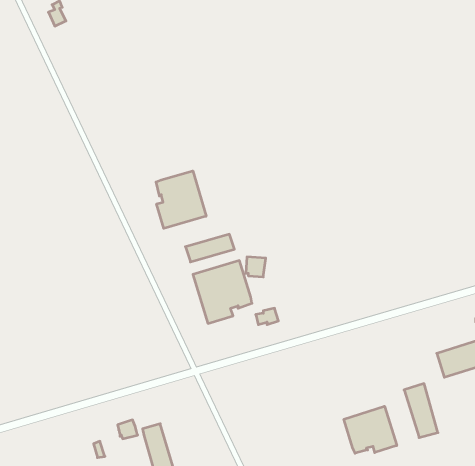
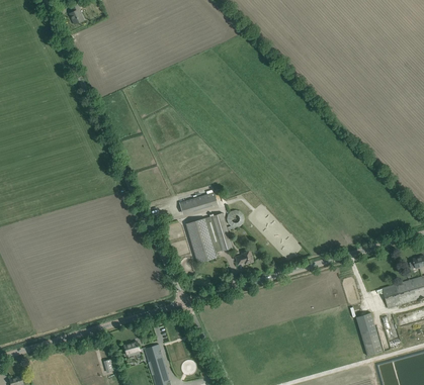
building: [156,171,206,228] -> none
building: [344,406,397,453] -> none

